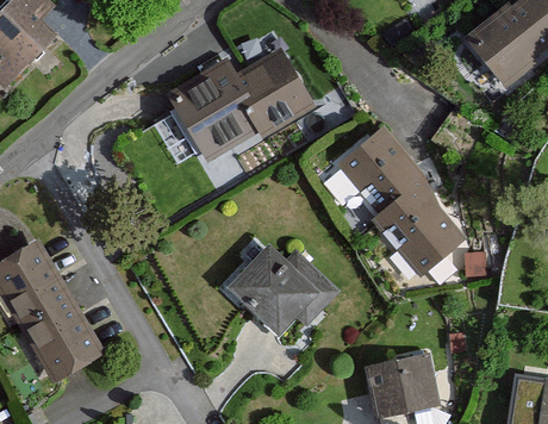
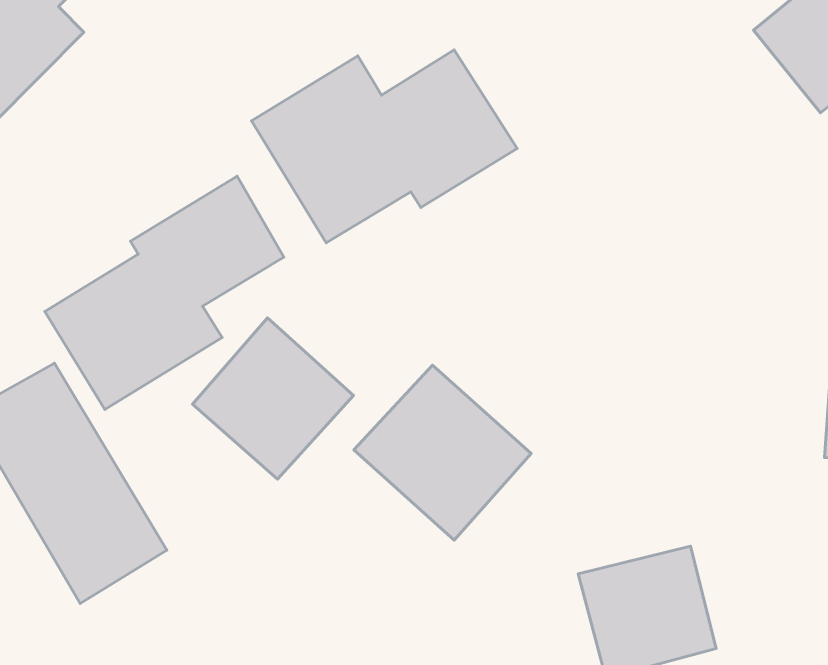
building: none -> [45,176,284,409]
building: [331,127,473,283] -> none
building: none -> [192,318,354,479]

